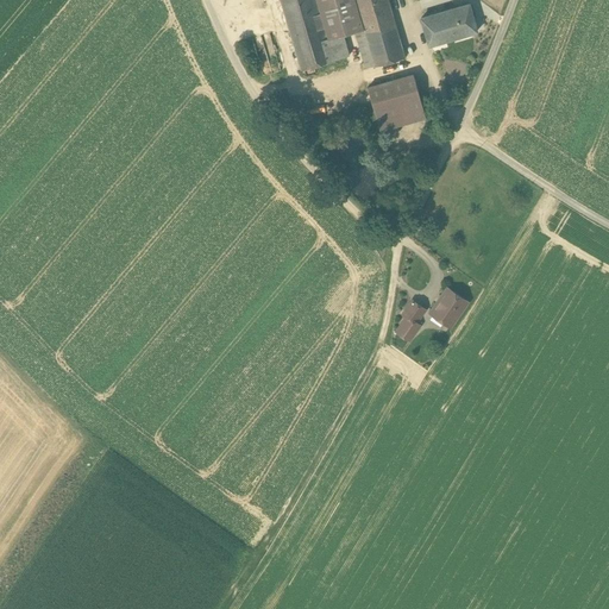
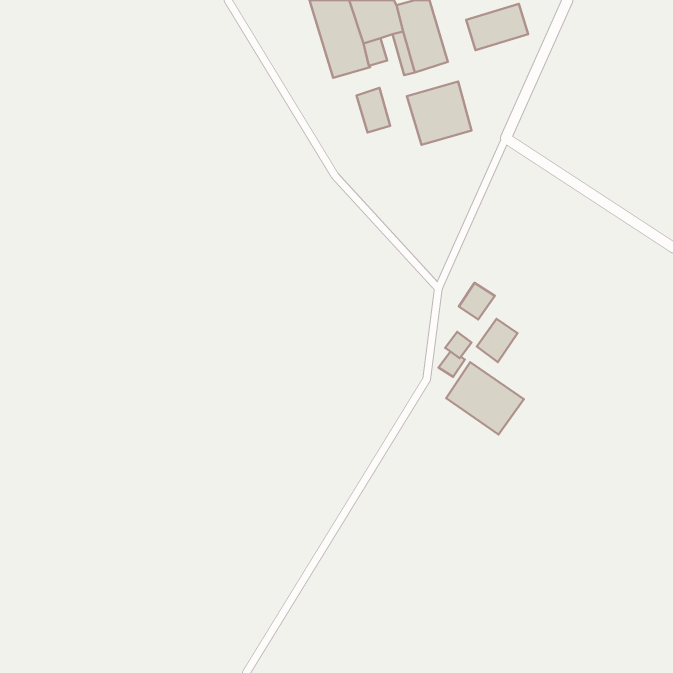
building: none -> [356,88,390,132]
building: none -> [459,283,495,320]
building: none -> [446,362,524,434]

